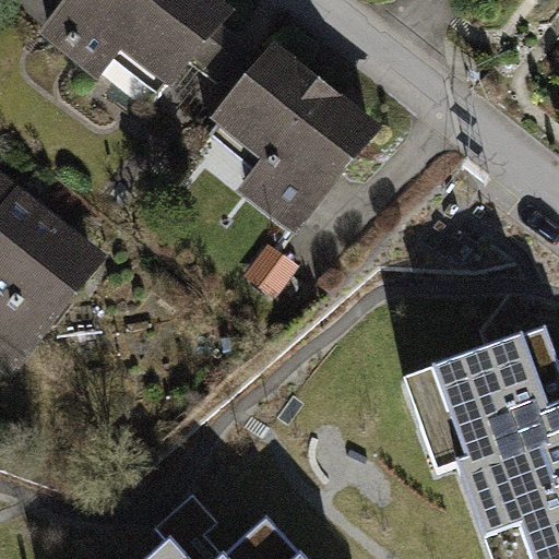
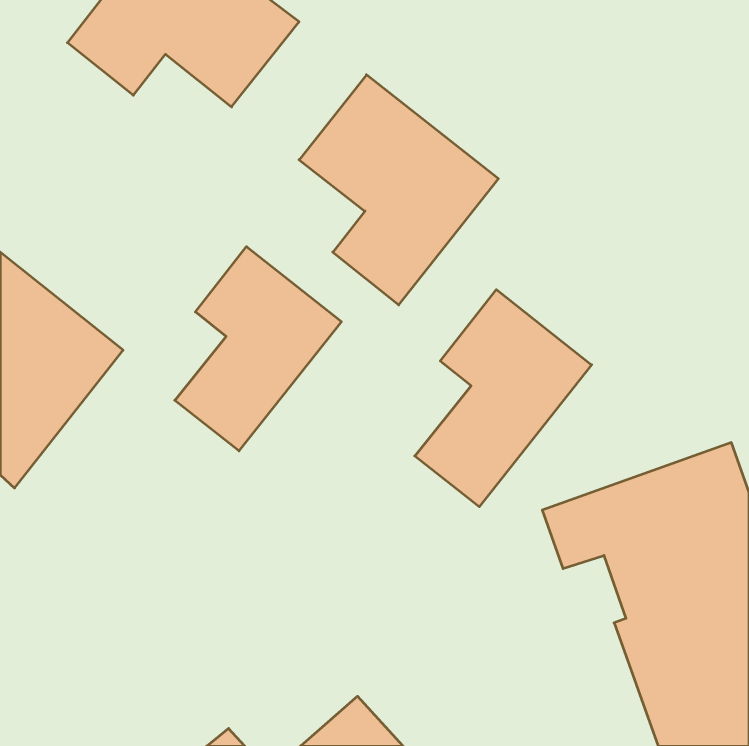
building: none -> [175,247,341,451]
building: none -> [415,290,592,507]

